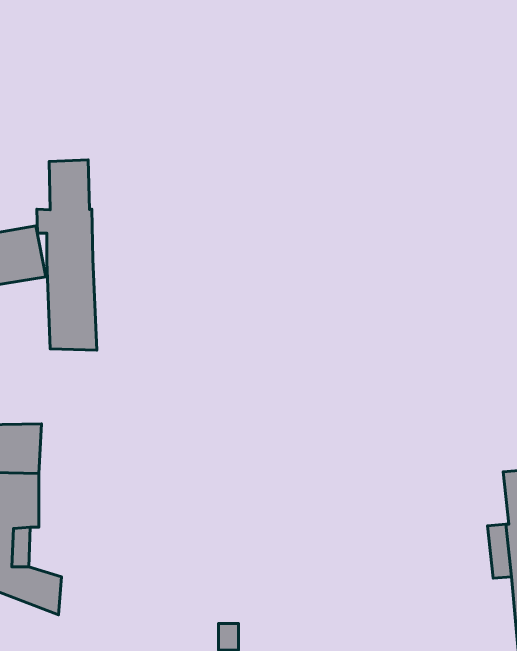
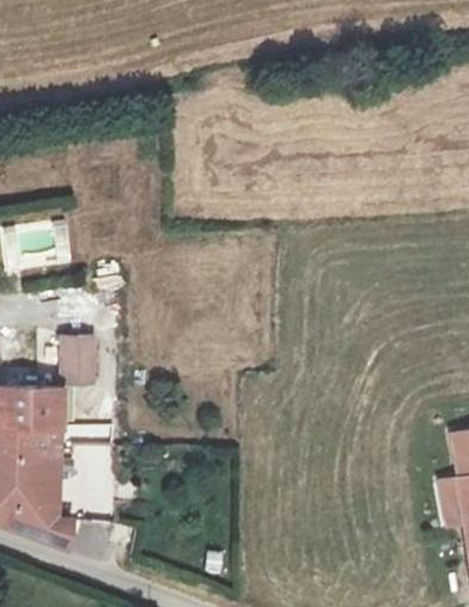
building: [37,160,97,350] -> none
building: none -> [62,335,97,388]

